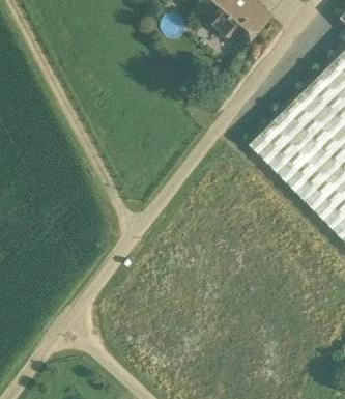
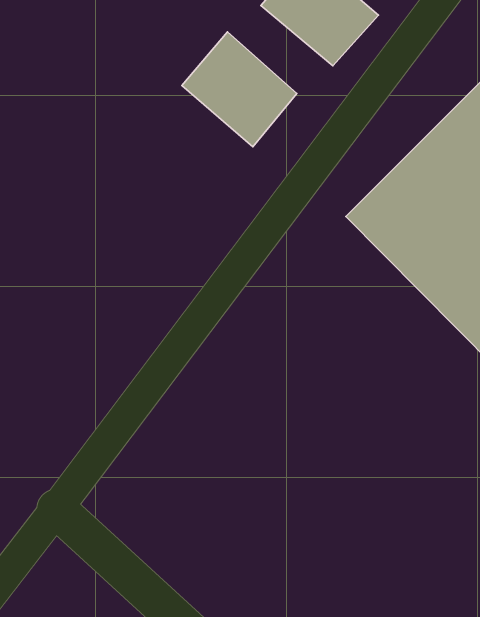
building: none -> [182,32,297,147]

